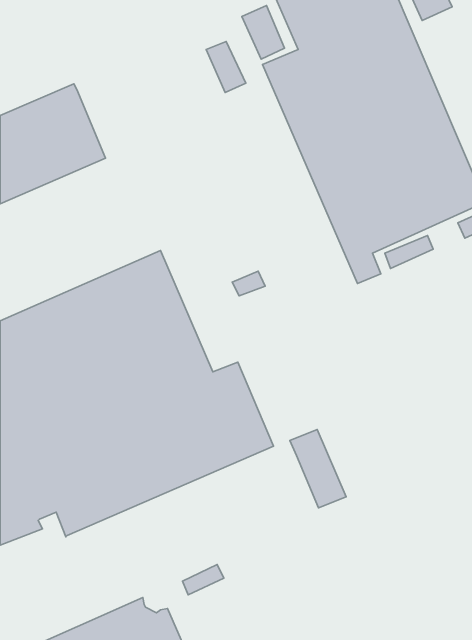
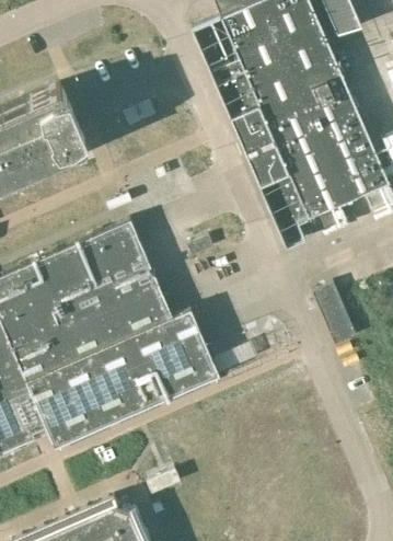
building: [206,41,246,92] -> none
building: [290,429,346,508] -> [312,284,357,346]

